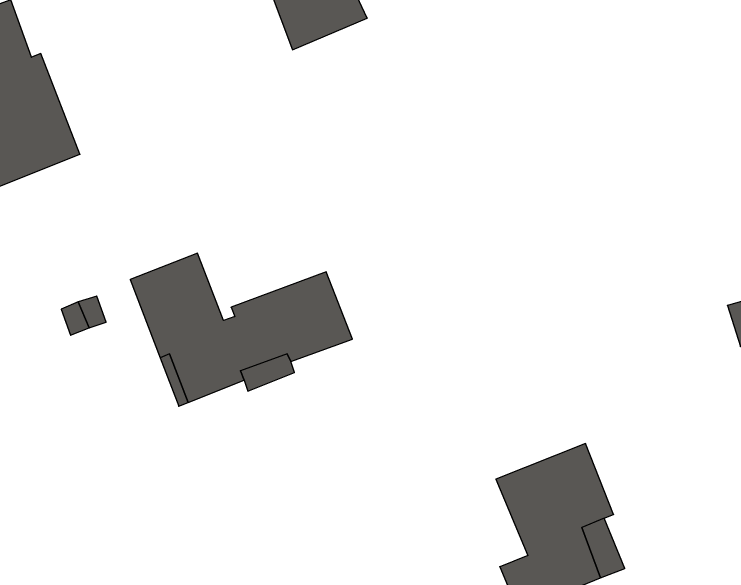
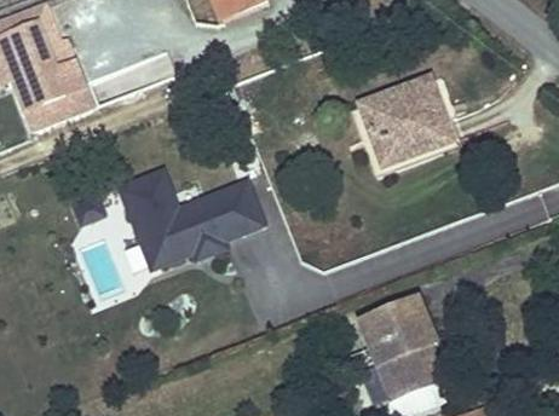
building: none -> [361,79,456,169]

